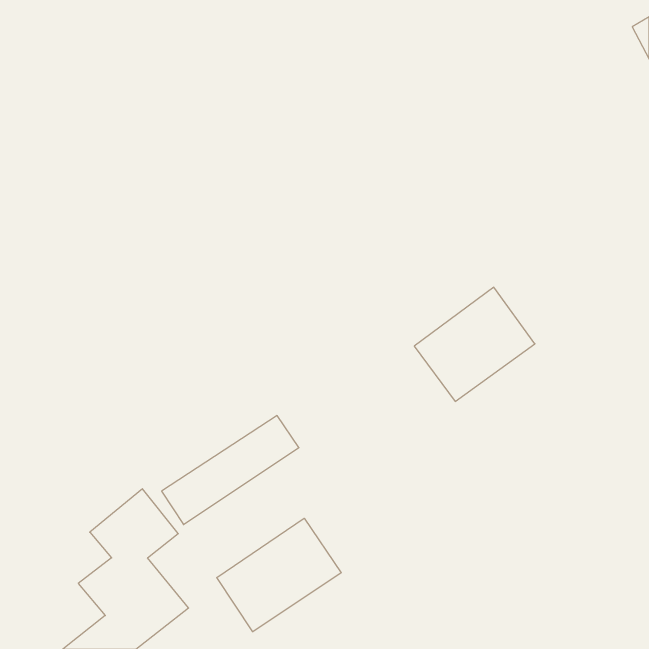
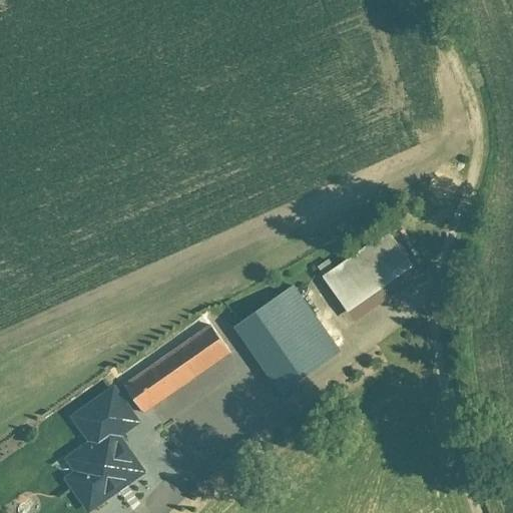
building: none -> [233,287,336,390]
building: [217,518,341,632] -> none

